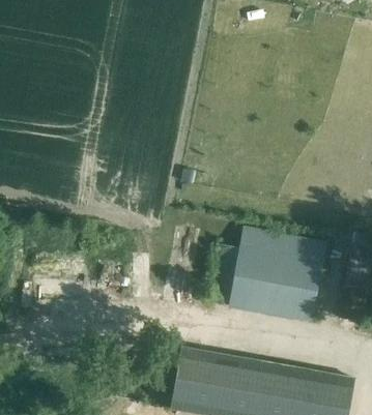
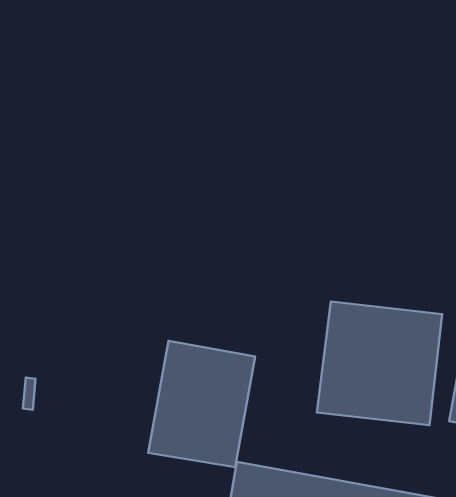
building: none -> [148,341,255,467]

